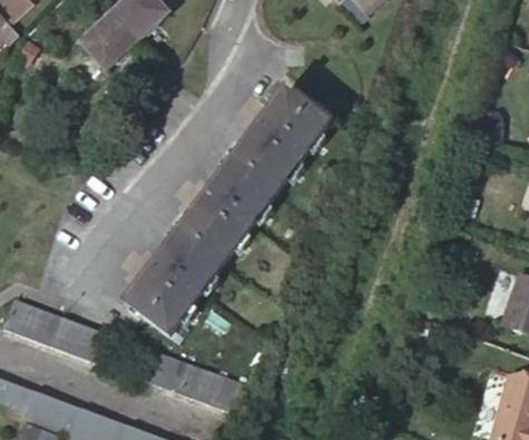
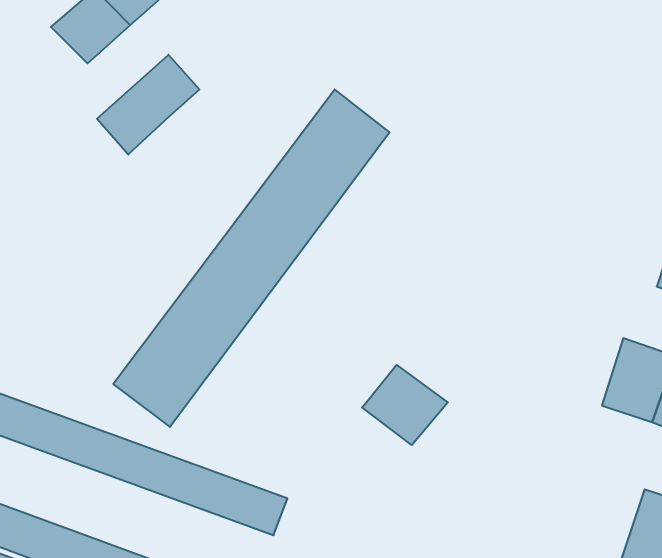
building: none -> [97,55,199,155]
building: none -> [362,365,448,445]

